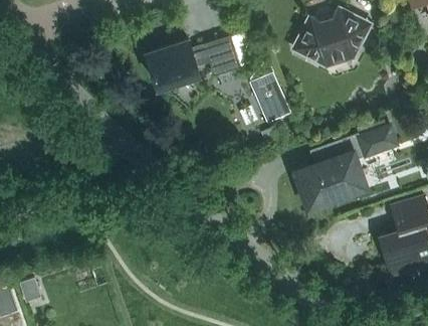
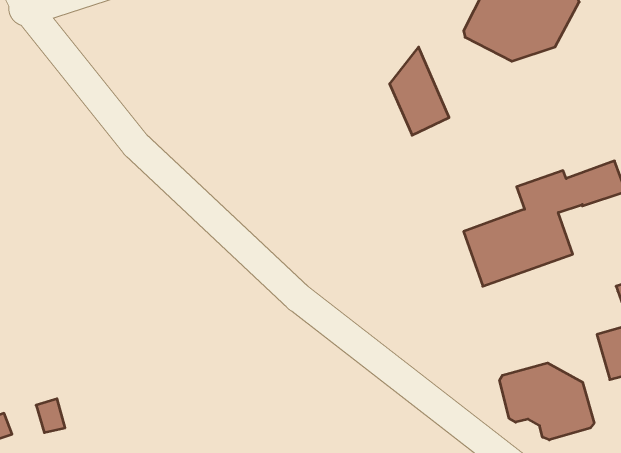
building: [146,36,240,108] -> none
building: none -> [500,363,594,440]

